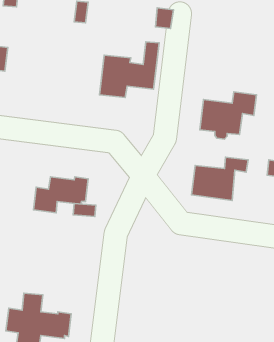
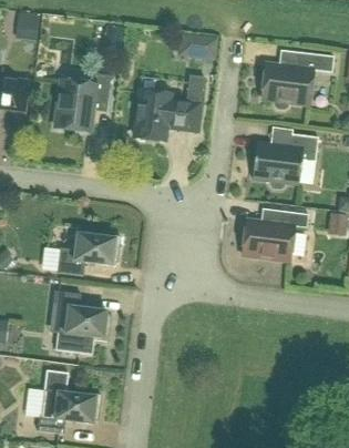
building: none -> [261,51,333,109]
building: none -> [54,72,111,130]
building: none -> [52,289,111,354]

